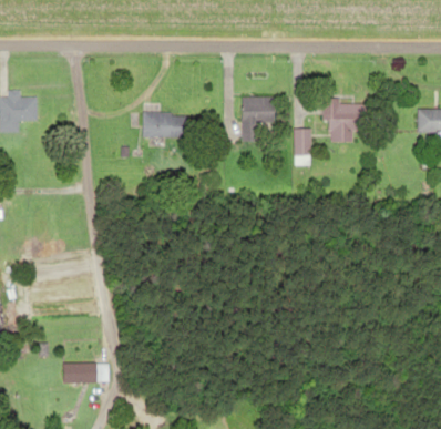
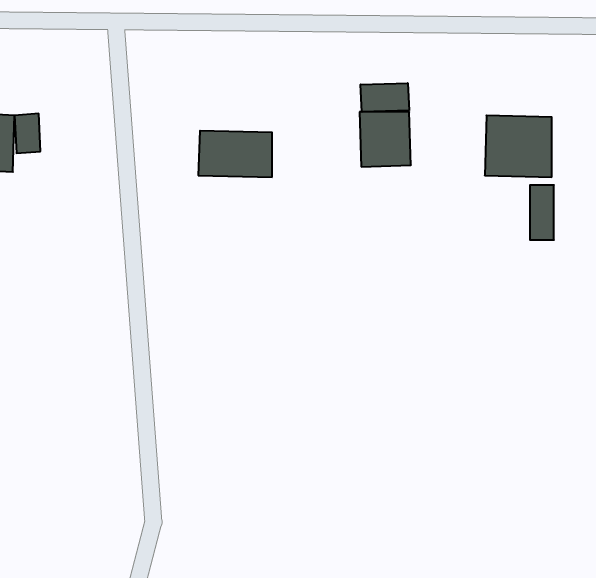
building: none -> [361,83,409,112]
building: [294,130,309,165] -> [530,185,554,240]
building: [58,361,96,385] -> none

